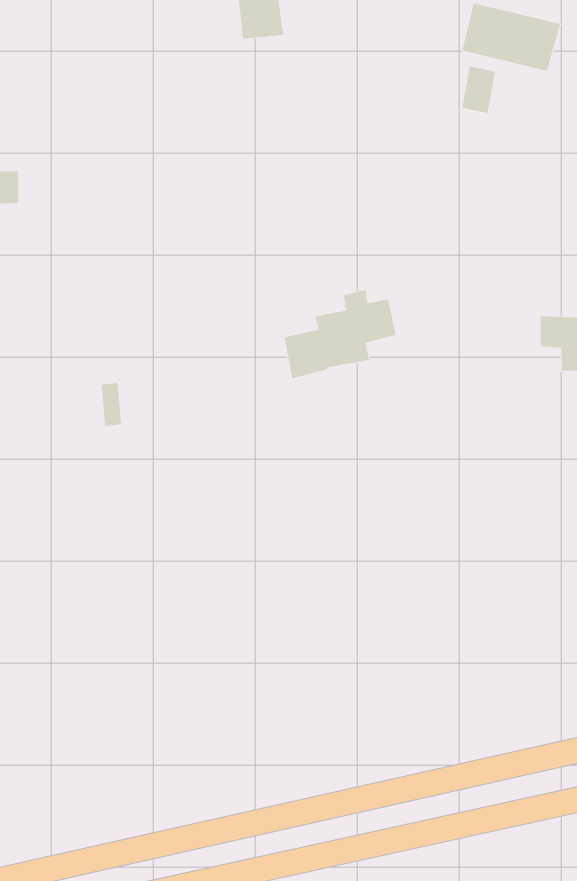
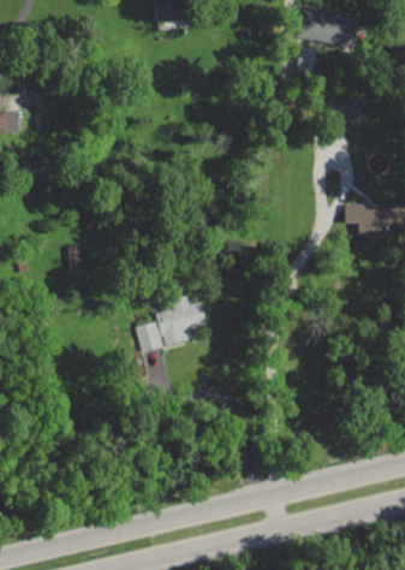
building: [284,289,397,379] -> [137,296,208,352]

